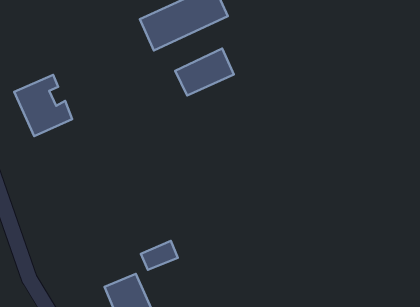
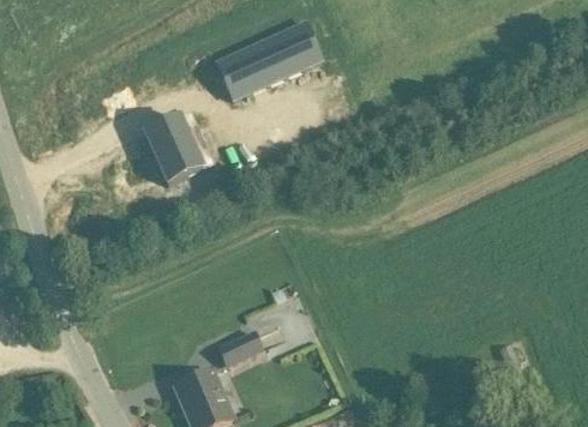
building: [175,48,234,96] -> none
building: [14,75,72,136] -> [142,113,211,186]

